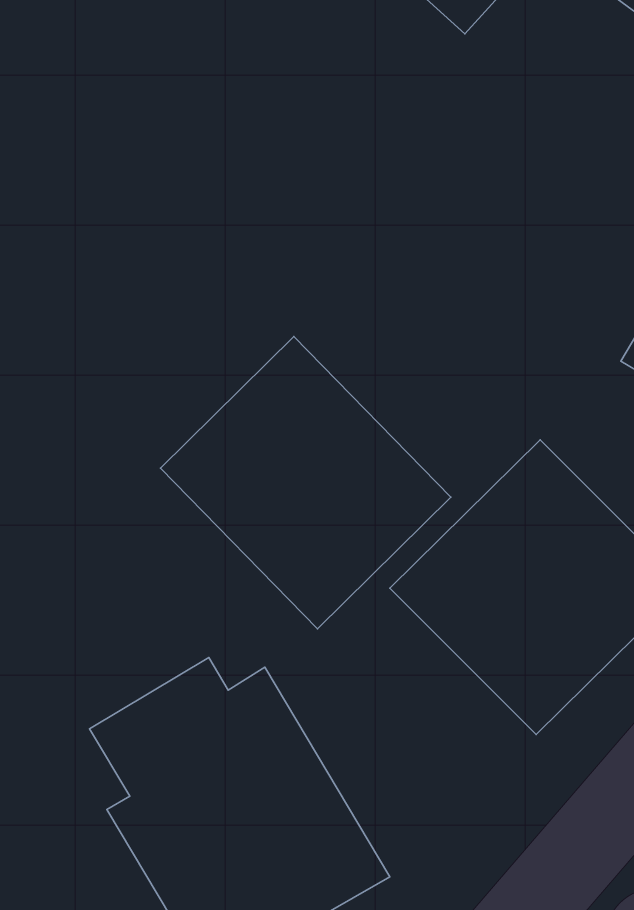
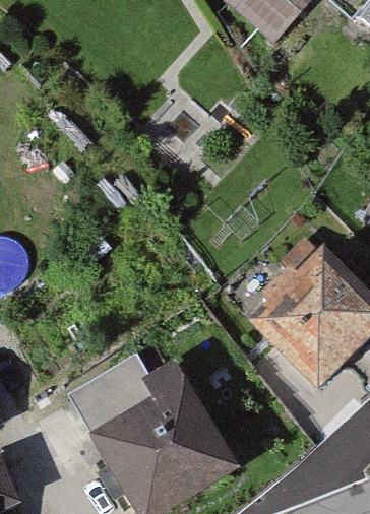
building: [160,336,451,629] -> none

